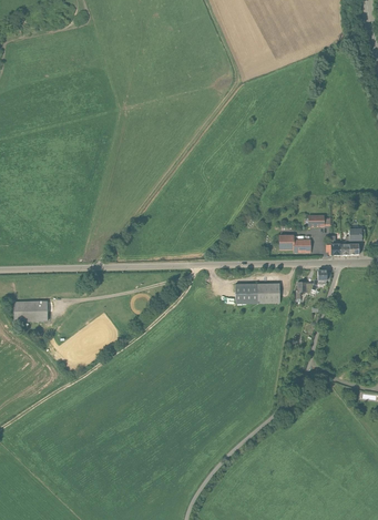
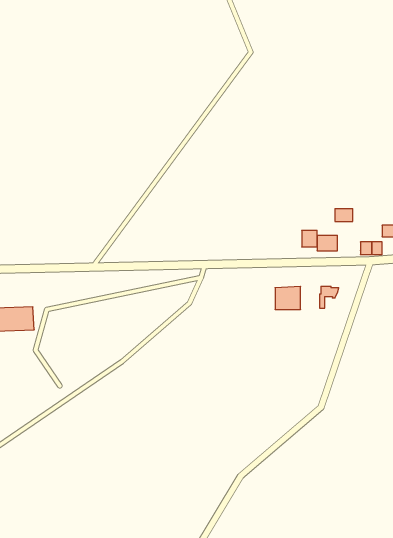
building: [235,283,257,303] -> none

